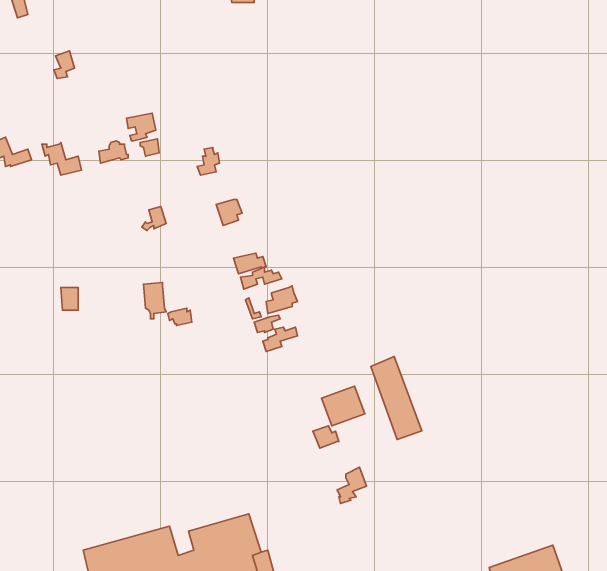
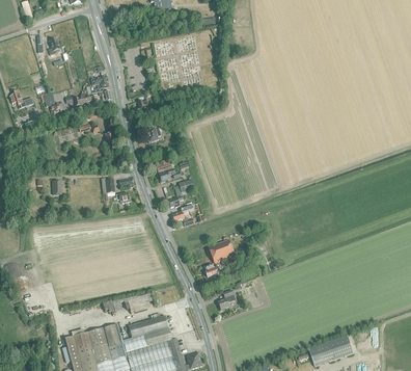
building: [371,356,422,439] -> none

